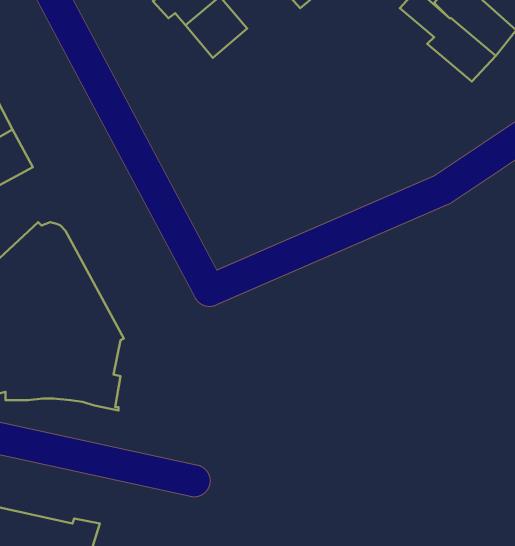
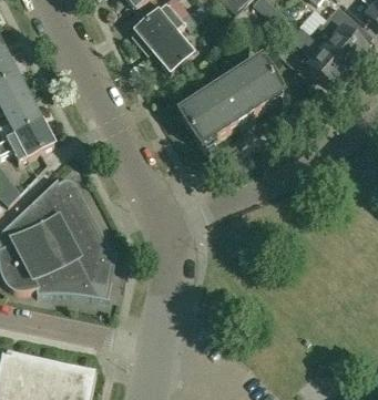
building: none -> [180,59,284,145]

